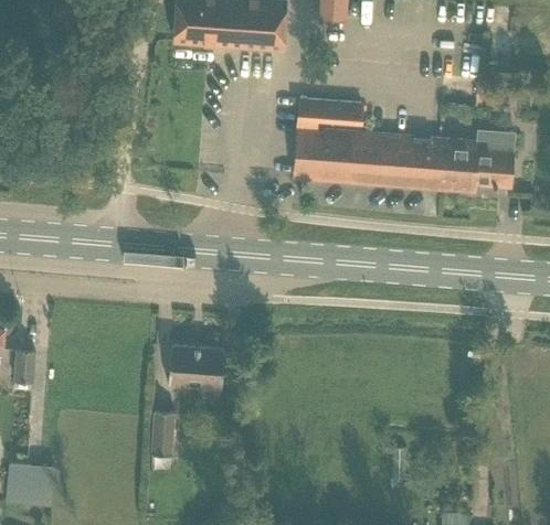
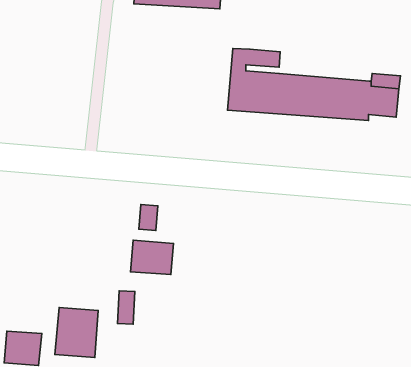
building: none -> [139,204,158,230]
building: [14,349,35,383] -> none
building: none -> [55,308,98,358]

